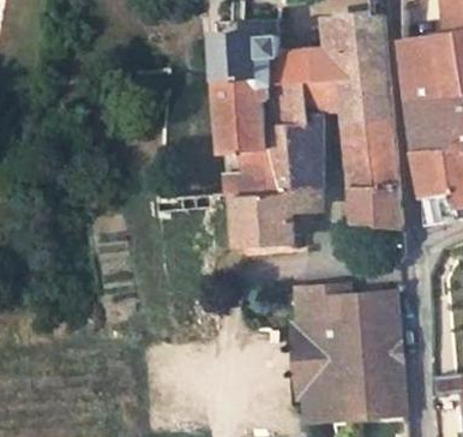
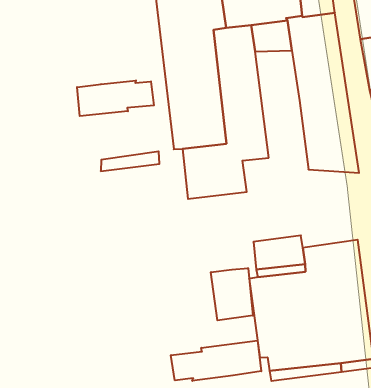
building: none -> [77,80,154,116]
building: none -> [211,268,253,320]
building: none -> [171,341,261,381]

